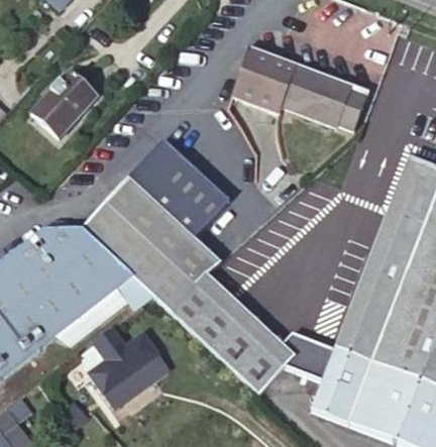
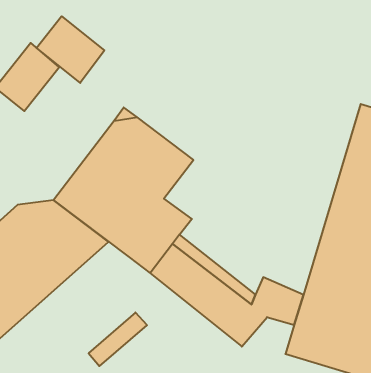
building: none -> [36,16,104,83]
building: [232,47,365,128] -> none
building: [81,329,158,390] -> none

